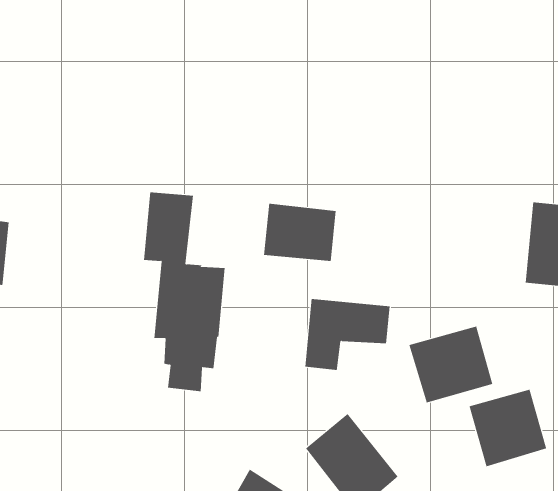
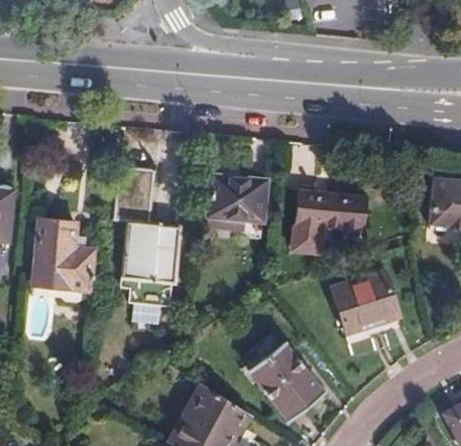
building: none -> [32,217,92,288]
building: [305,298,390,371] -> [292,192,360,250]
building: [469,389,547,467] -> none

